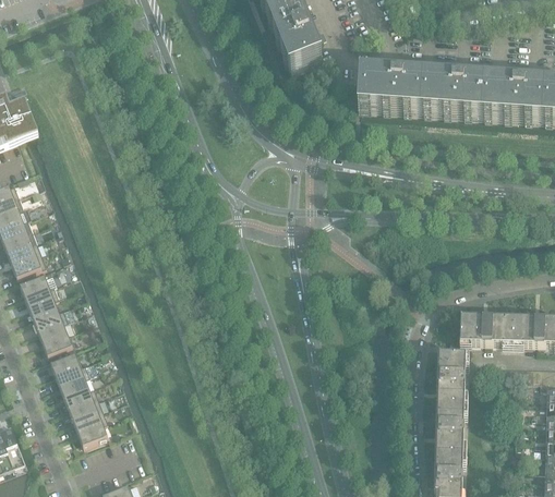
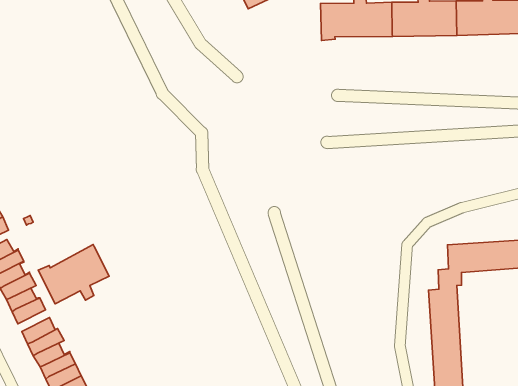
building: none -> [38,244,109,304]

